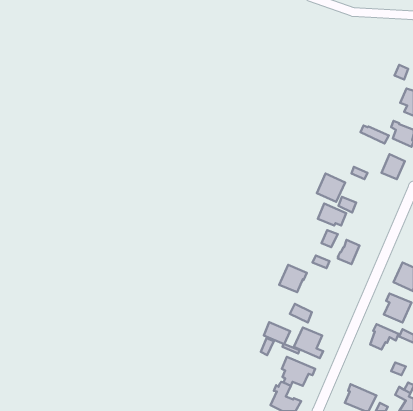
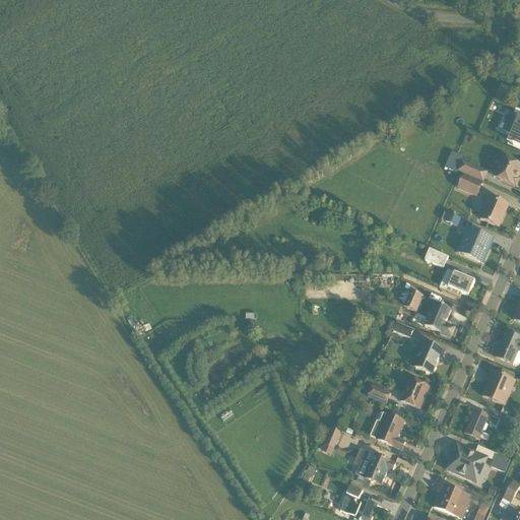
building: none -> [455,171,483,194]
building: [317,174,345,202] -> [458,225,494,261]
building: [318,204,346,225] -> [440,267,475,295]
building: [279,265,307,292] -> [410,338,445,373]
building: none -> [399,376,431,408]
building: [264,322,290,344] -> none
building: none -> [447,443,488,480]

